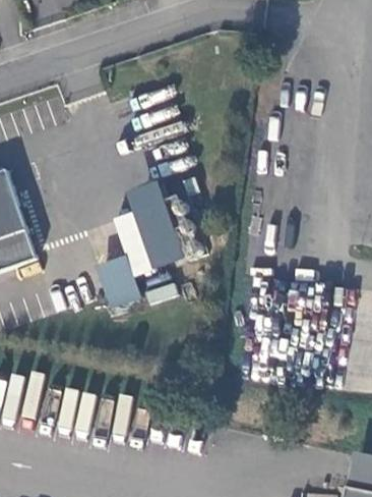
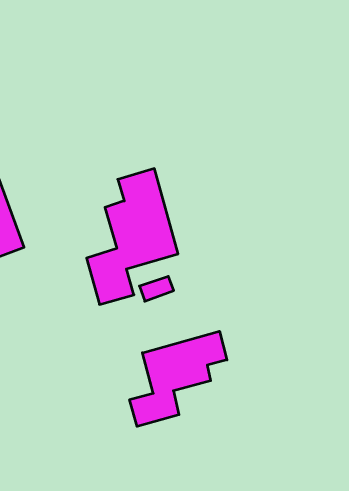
building: none -> [130,331,227,426]

